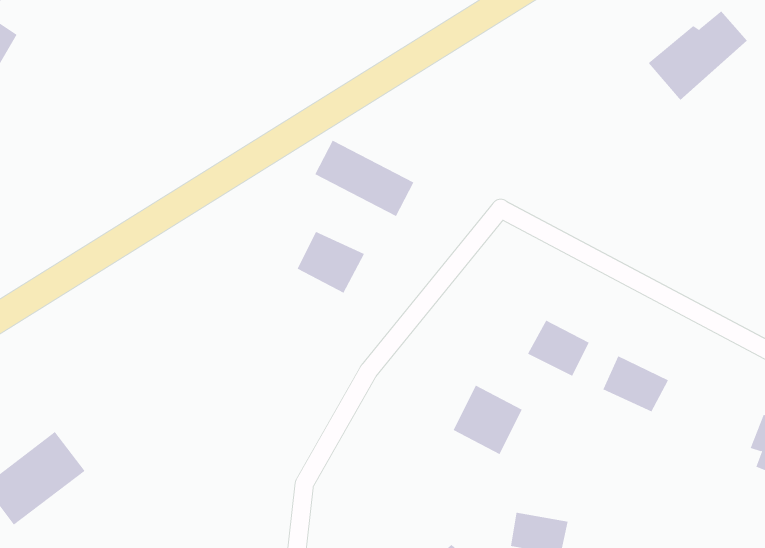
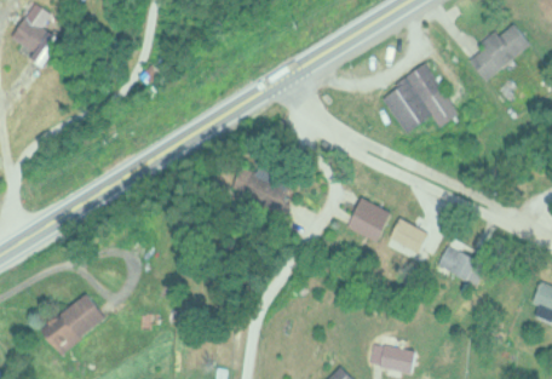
building: none -> [378,64,459,134]
building: [315,140,414,217] -> none
building: [453,385,523,455] -> [346,197,391,242]

